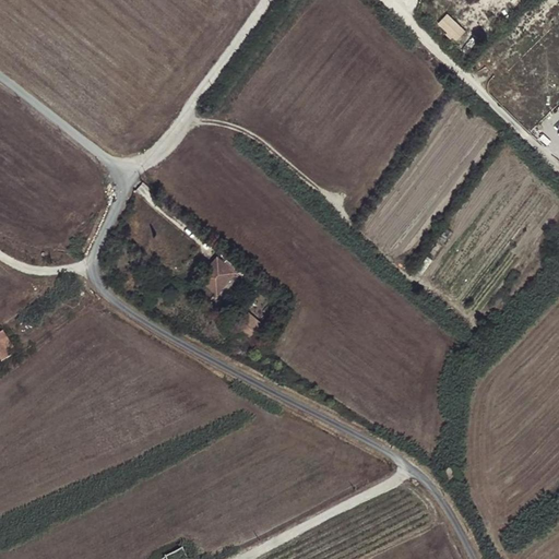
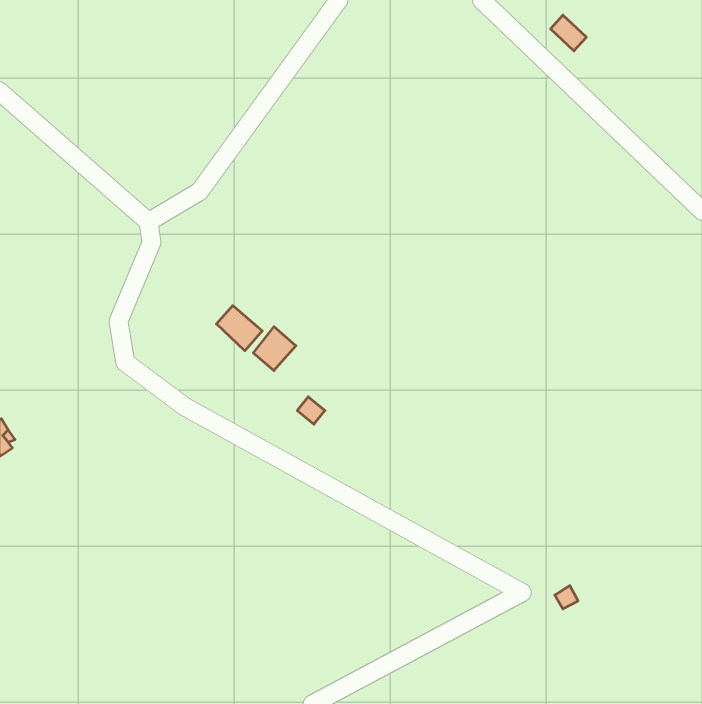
building: none -> [216,306,262,351]

